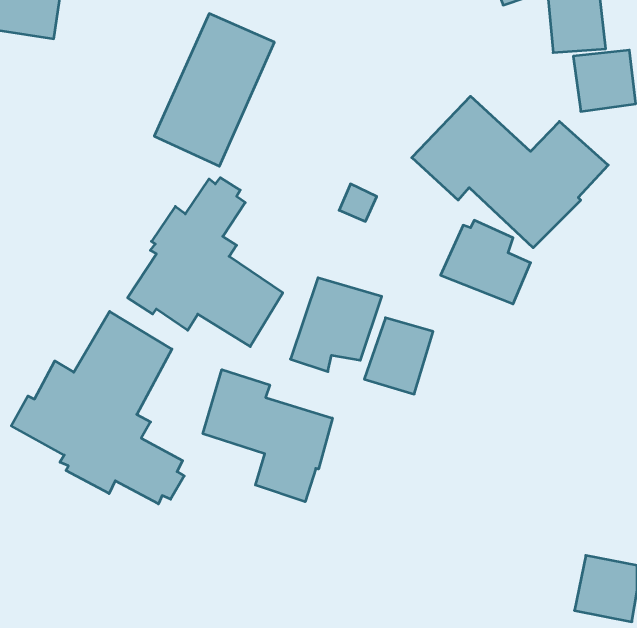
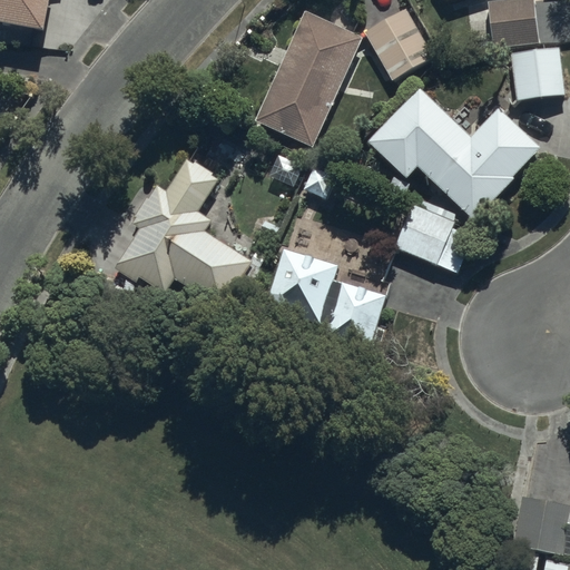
building: none -> [364,8,434,79]
building: [154,14,274,166] -> [255,10,362,146]
building: [11,311,184,504] -> none
building: [203,370,332,502] -> none

